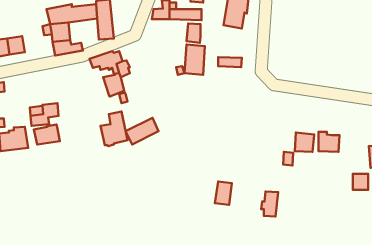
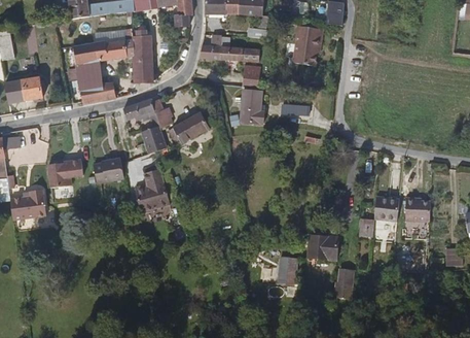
building: [126,118,158,145] -> [169,111,209,144]
building: [34,124,60,145] -> [92,157,123,181]
building: none -> [306,234,338,260]

